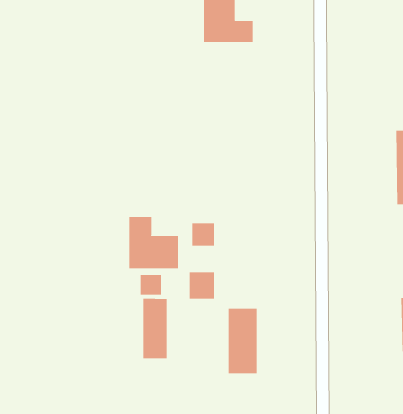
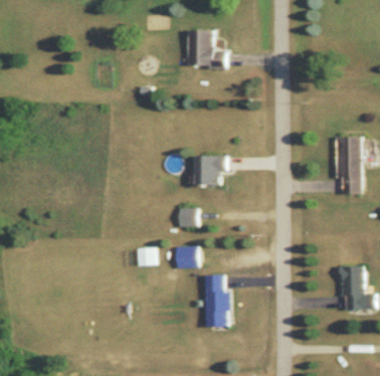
building: none -> [195,156,225,185]
building: [129,216,179,269] -> none
building: [143,298,167,359] -> none

